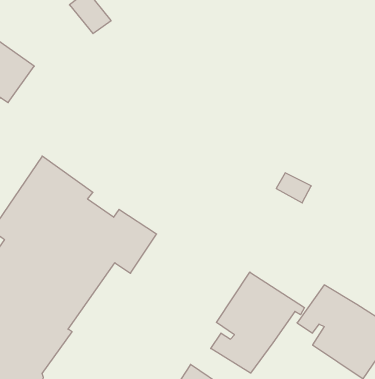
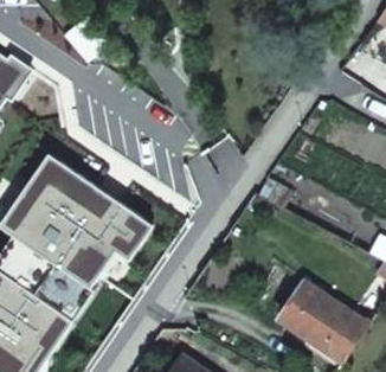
building: [211,272,304,373] -> none

